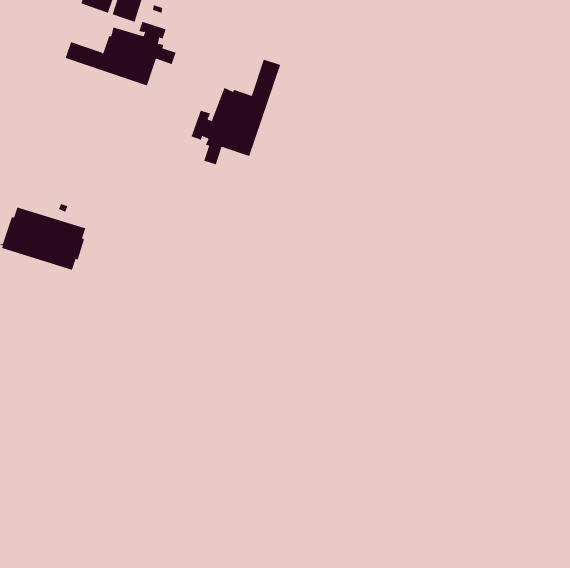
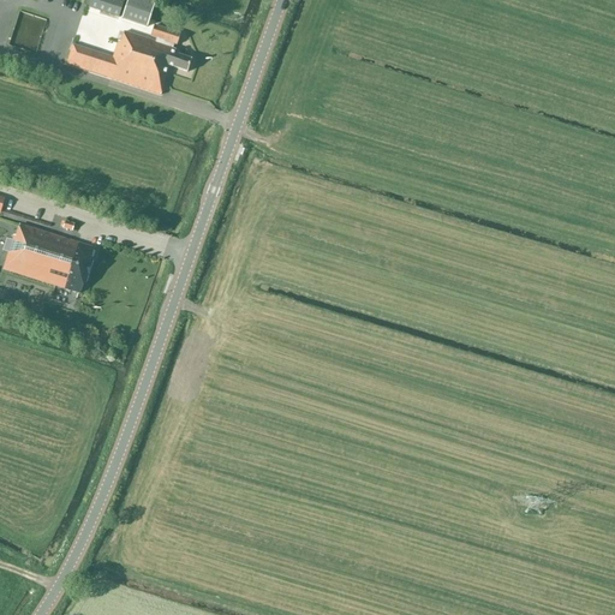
building: [191,59,281,165] -> none

